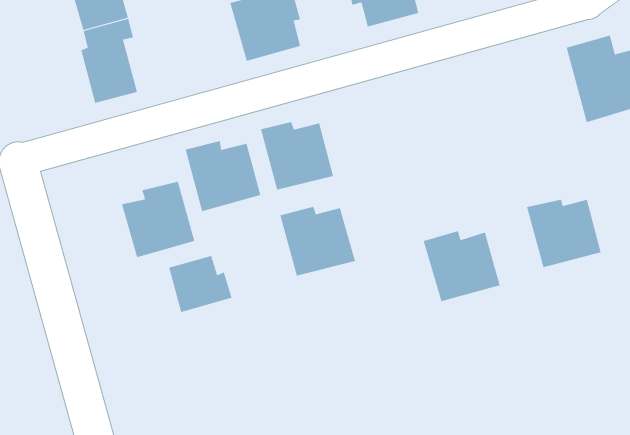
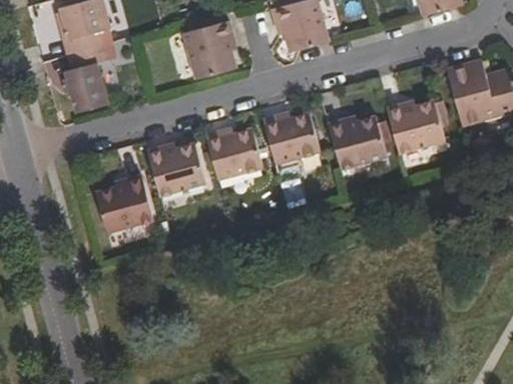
building: [526,199,601,268] -> [386,100,445,154]
building: [279,206,356,276] -> [262,110,322,165]
building: [423,231,501,302] -> [327,114,388,170]
building: [169,255,232,313] -> none

